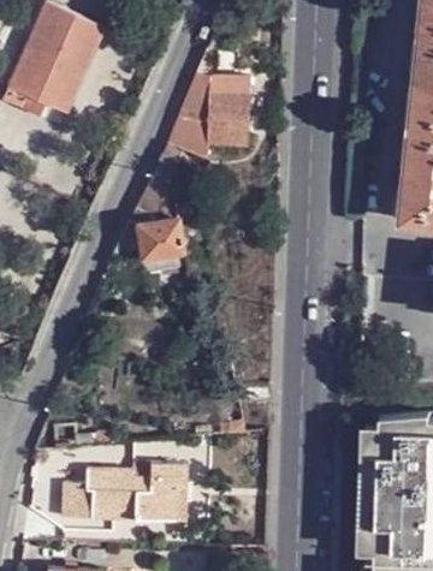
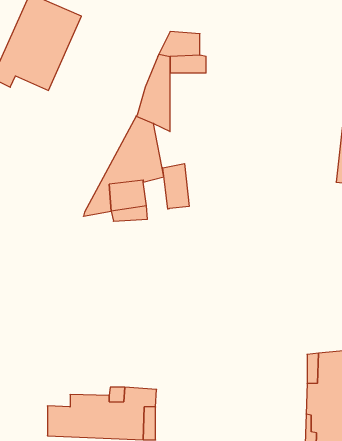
building: [204,96,247,145] -> none
building: none -> [163,164,189,209]

